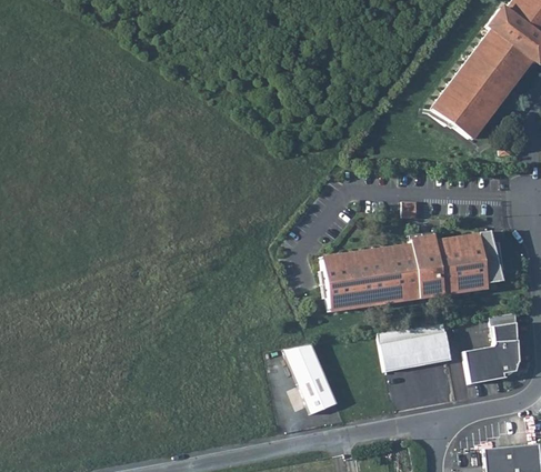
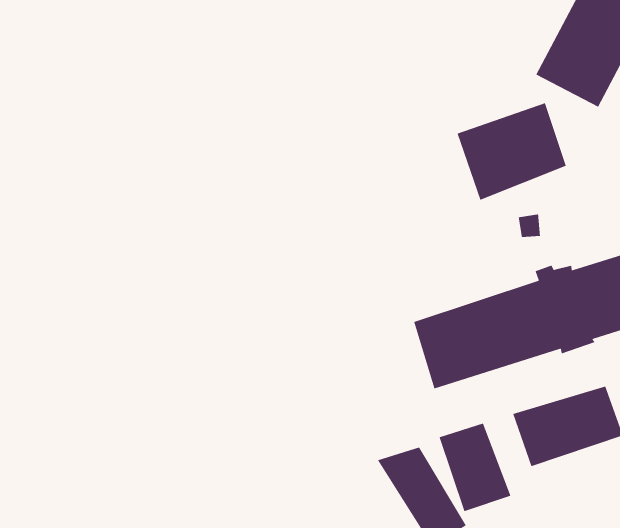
building: none -> [457,102,567,201]
building: none -> [438,422,511,512]

